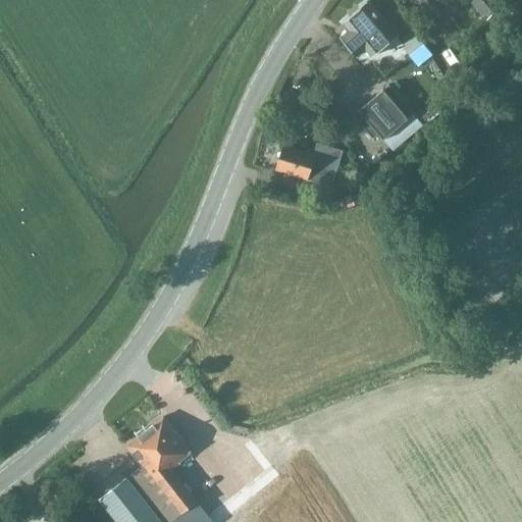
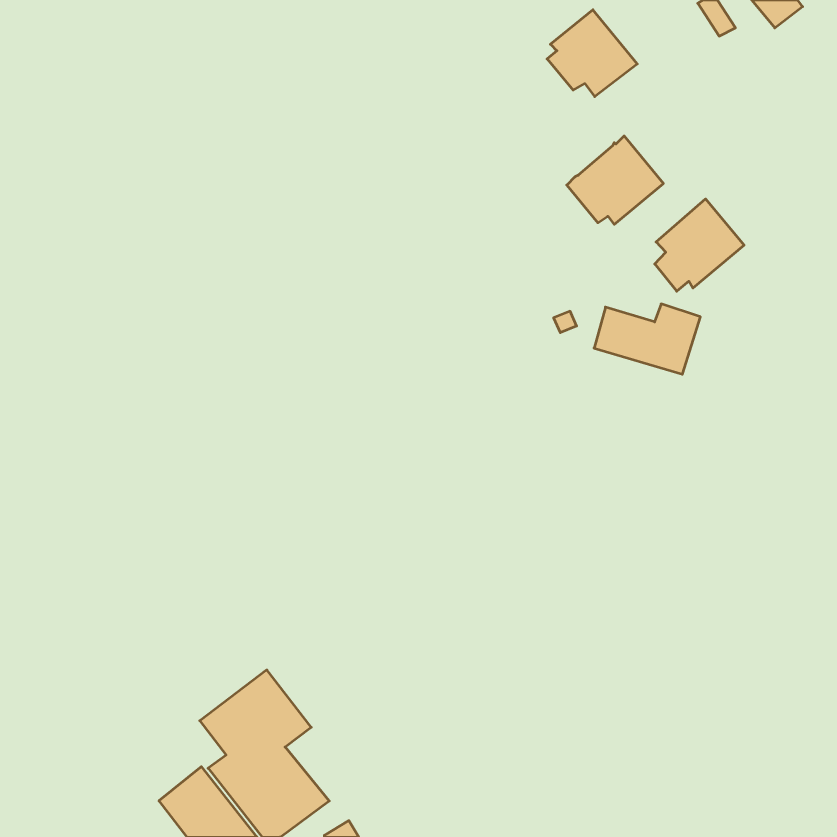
building: none -> [655,199,744,291]
building: [276,144,343,188] -> [594,304,700,374]

